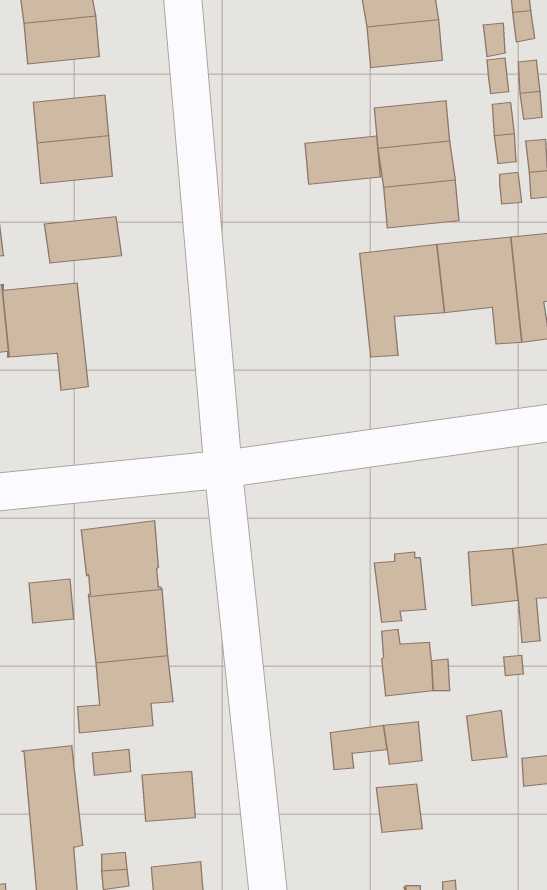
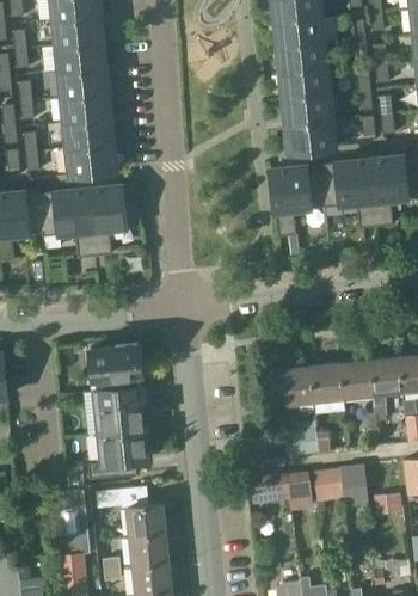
building: none -> [55,41,105,70]
building: [305,136,381,184] -> [277,43,326,74]
building: none -> [63,118,112,149]
building: none -> [87,182,141,254]
building: none -> [309,362,343,399]
building: [29,579,74,623] -> none
building: [376,784,422,832] -> [313,468,343,499]
building: none -> [131,534,167,566]

